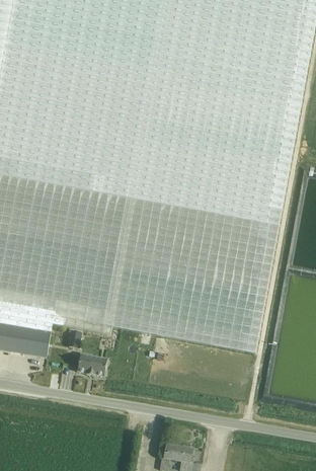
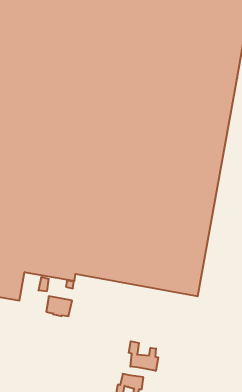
building: none -> [129,341,158,371]

